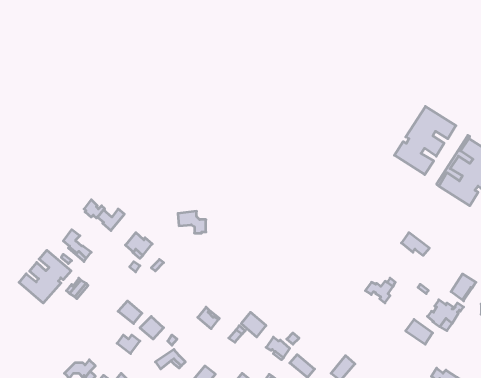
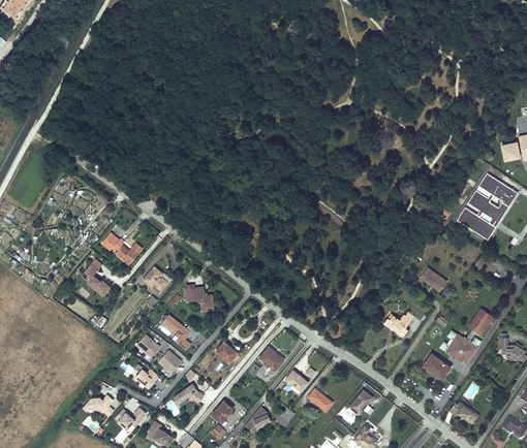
building: [394,106,456,175] -> none
building: [178,211,206,233] -> [185,286,213,308]
building: [19,250,71,303] -> none
building: none -> [162,315,199,350]

